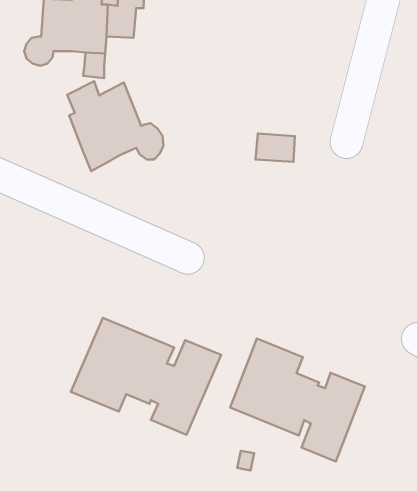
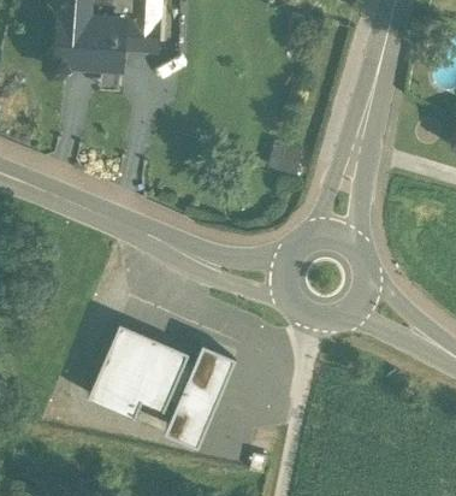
building: [67,81,163,171] -> none
building: [230,338,365,462] -> none

